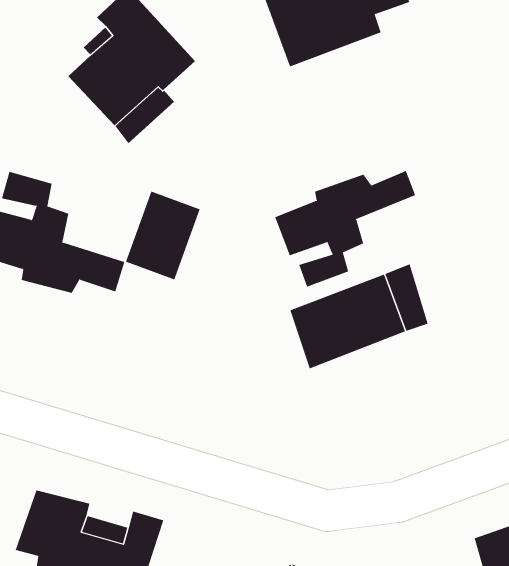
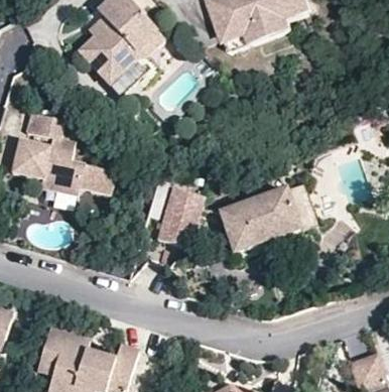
building: [274,170,416,287] -> none
building: [125,191,200,280] -> [152,192,203,252]

